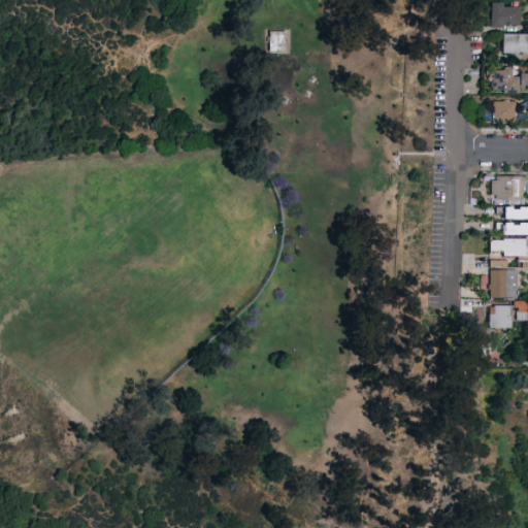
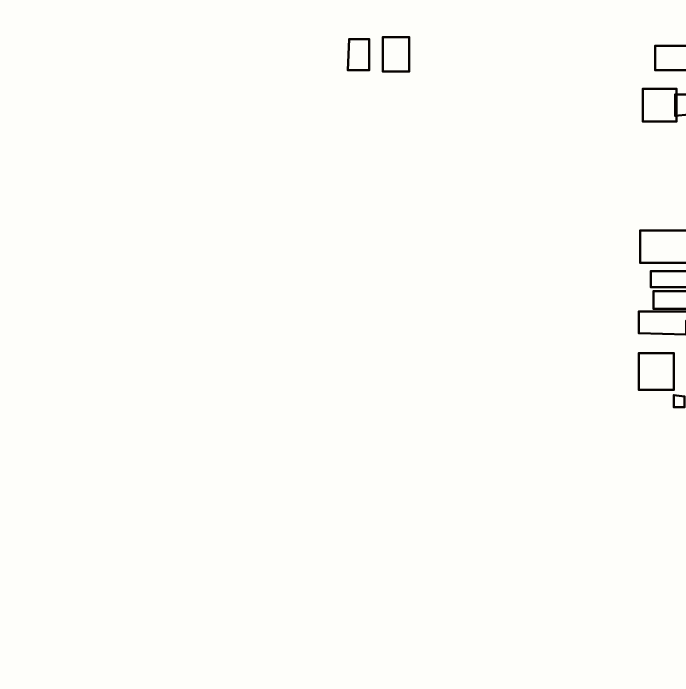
building: [493,4,522,26] -> none
building: none -> [383,37,409,72]
building: [494,101,517,124] -> none
building: [491,306,512,329] -> none

